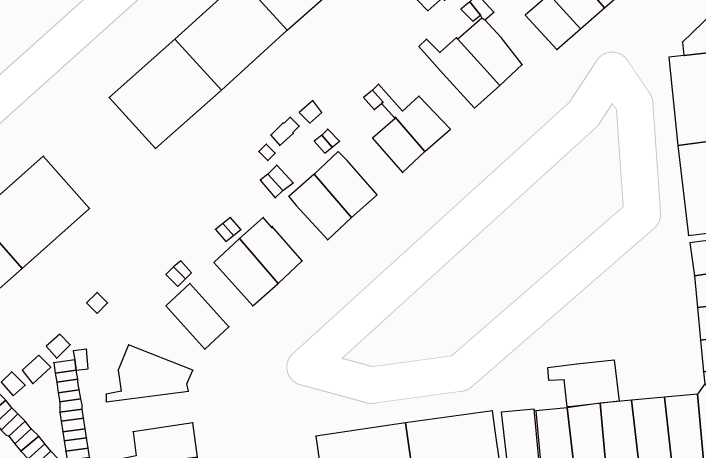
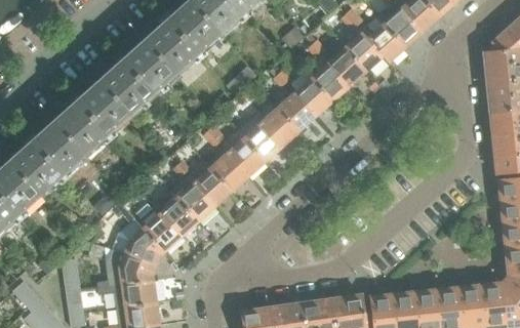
building: none -> [368,23,406,63]
building: none -> [312,63,350,100]
building: none -> [54,79,131,155]
building: none -> [263,107,301,146]
building: none -> [211,153,249,191]
building: none -> [155,192,198,236]
building: none -> [109,203,165,265]
building: [548,360,619,407] -> none
building: none -> [97,280,157,308]

